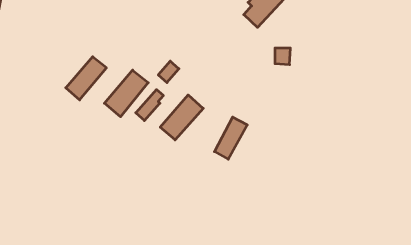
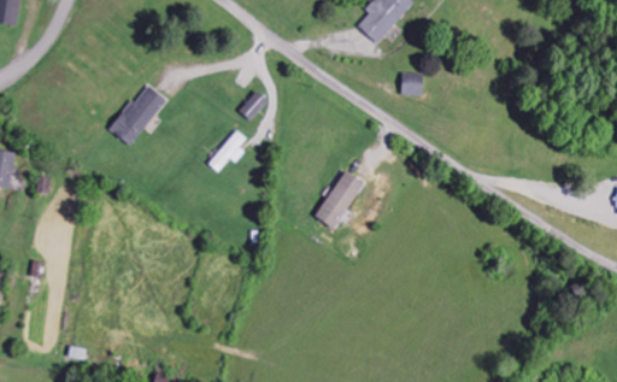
building: [104,70,148,117] -> none
building: [160,95,203,140] -> none

